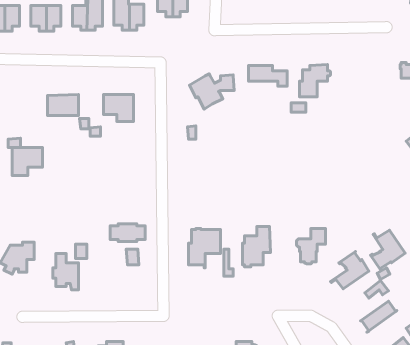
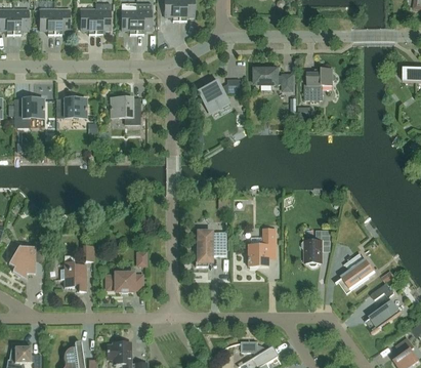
building: [12,148,42,176] -> [13,98,43,126]
building: [110,224,145,241] -> [107,273,141,290]
building: [371,230,405,270] -> none

